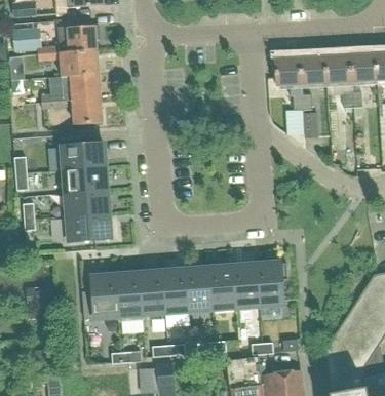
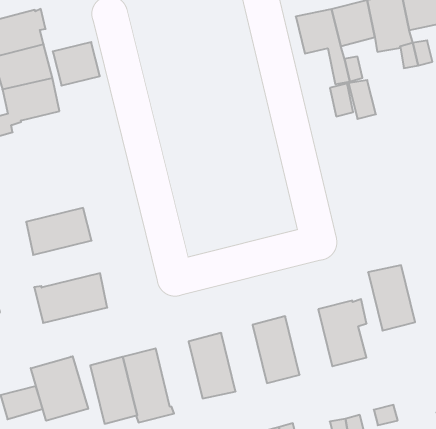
building: [72,96,102,123] -> [53,42,100,86]
building: [62,142,105,169] -> none
building: [65,190,109,216] -> none
building: [232,264,259,307] -> [368,265,415,331]
building: [186,267,211,311] -> none
building: none -> [31,356,88,421]
building: [139,271,165,314] -> none

